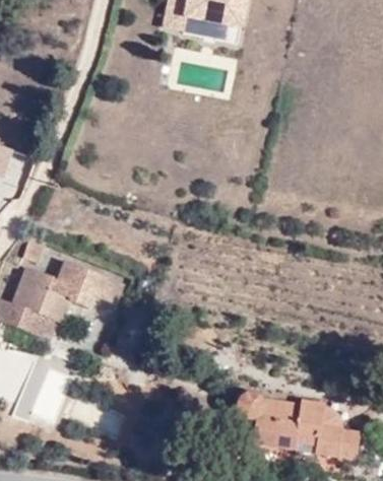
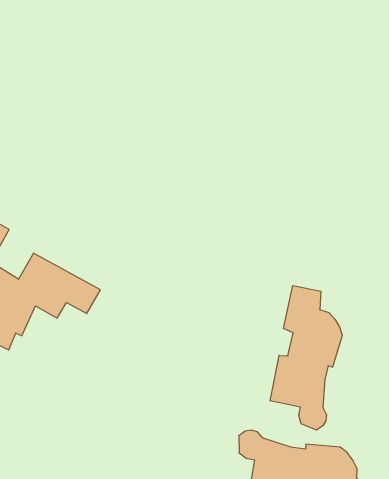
building: none -> [270,286,342,430]

